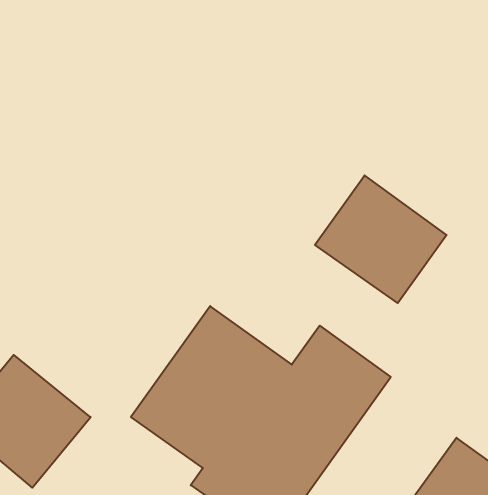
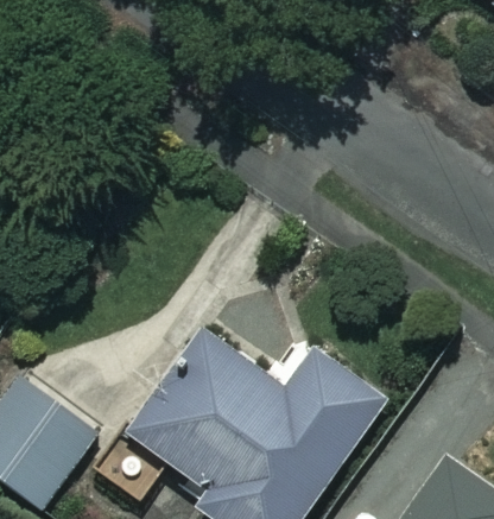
building: [315,175,447,303] -> none

